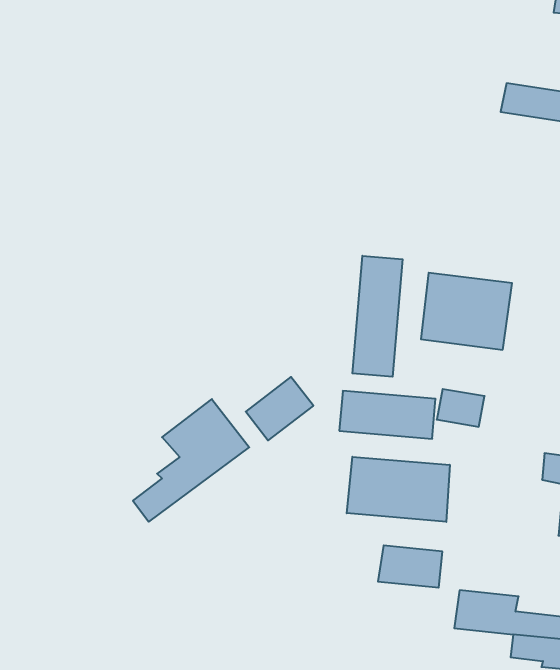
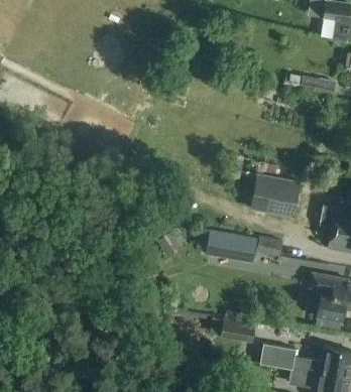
building: [352,256,403,377] -> none
building: [133,399,249,522] -> none
building: [347,457,450,522] -> none

